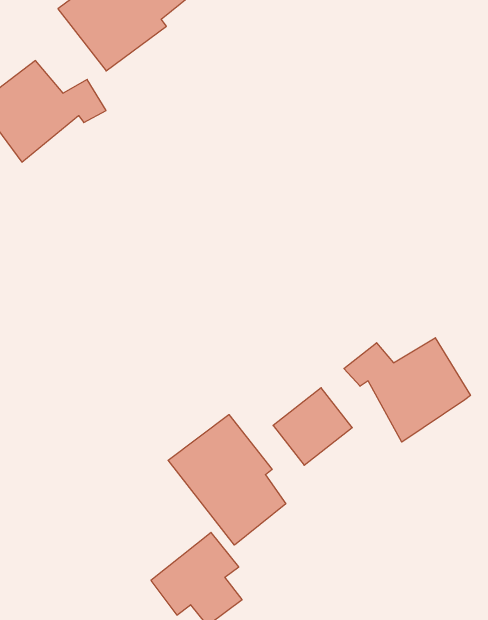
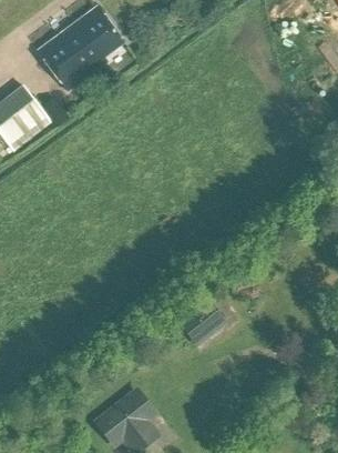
building: [344,338,470,442] -> none
building: [168,415,286,545] -> none

